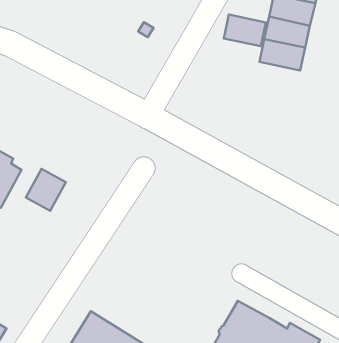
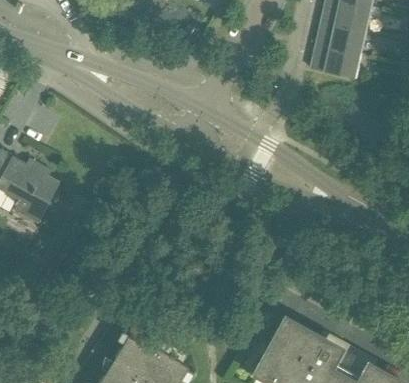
building: [224,15,266,46] -> none
building: [26,169,66,211] -> none

